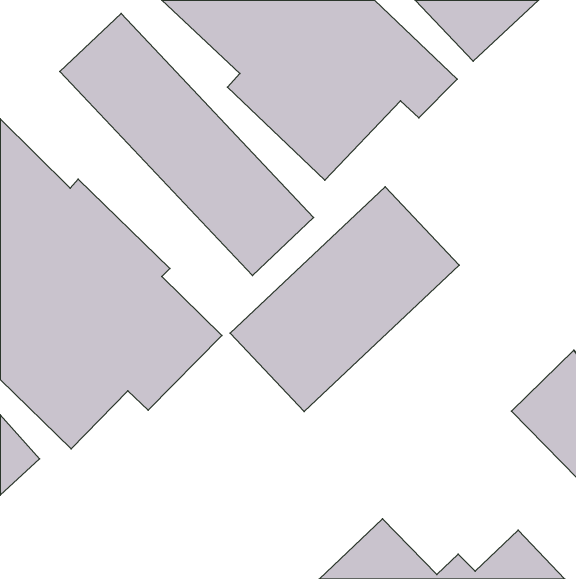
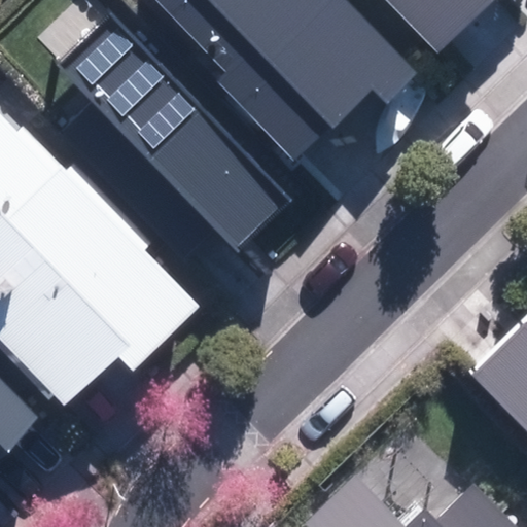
building: [230,187,459,412] -> none

